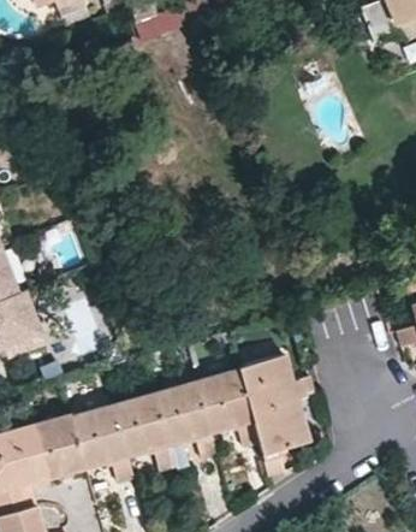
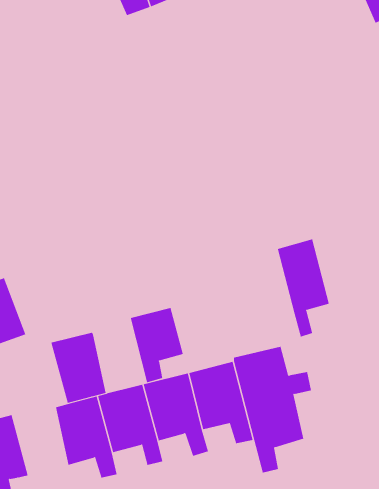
building: none -> [277,238,329,338]
building: none -> [130,307,184,383]
building: [34,410,87,478] -> [51,332,106,403]

